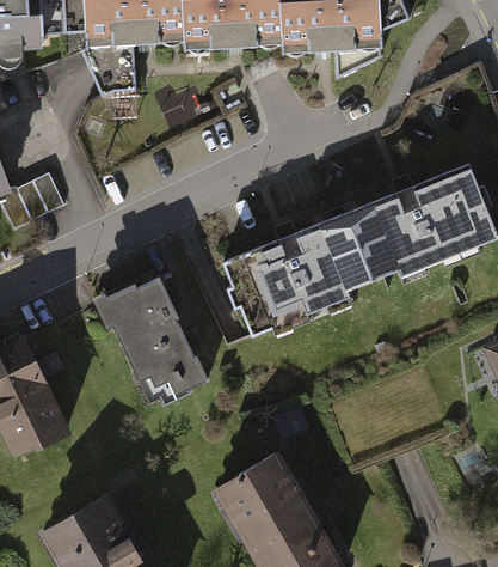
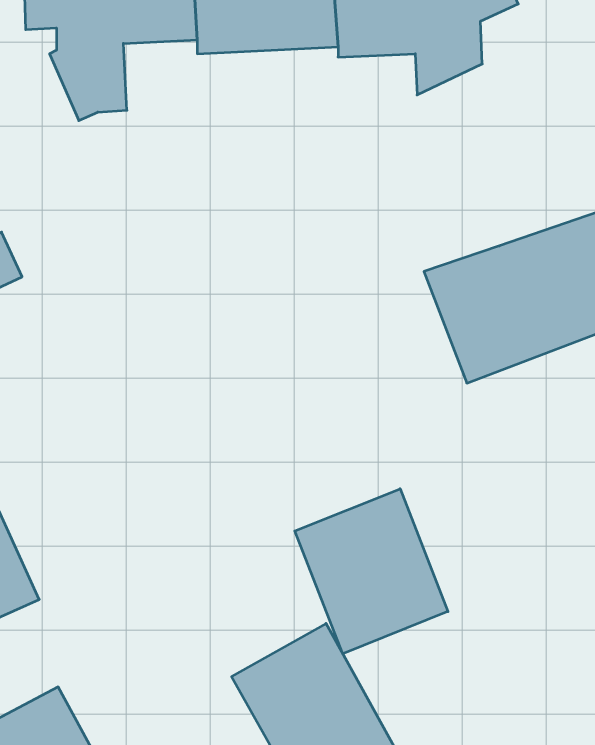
building: [219,207,373,330] -> none
building: [99,270,223,413] -> none
building: none -> [295,489,448,654]

